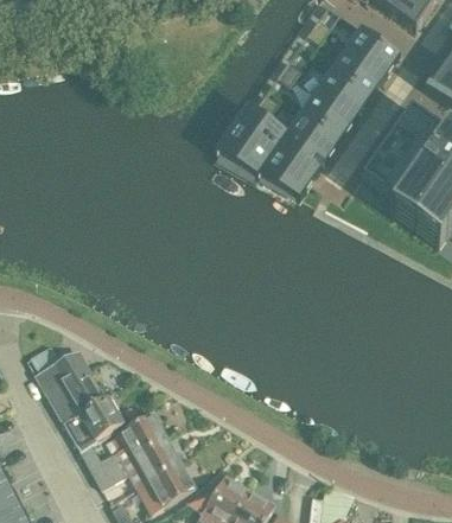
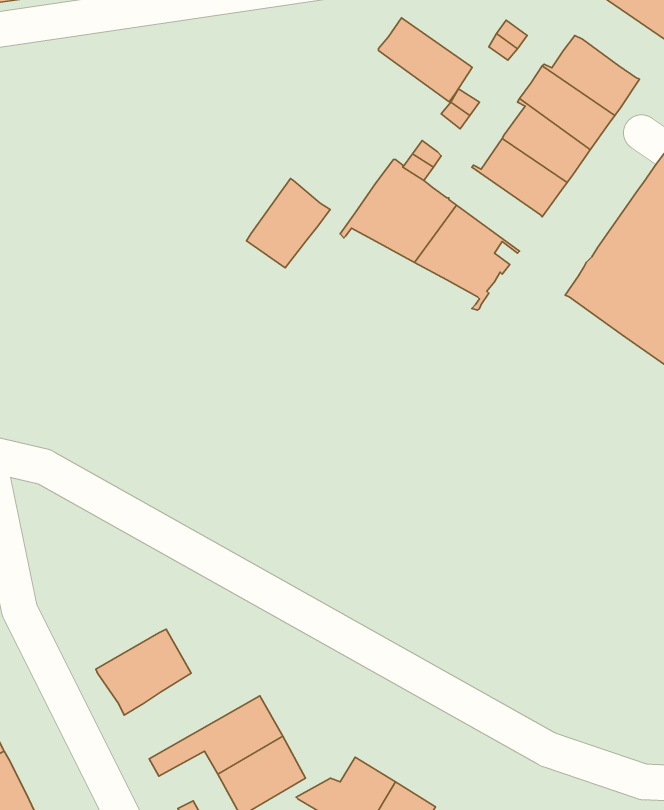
building: [281,110,339,162] -> [379,18,472,102]
building: none -> [247,179,330,268]
building: [36,355,101,422] -> none
building: [79,414,164,478] -> none

